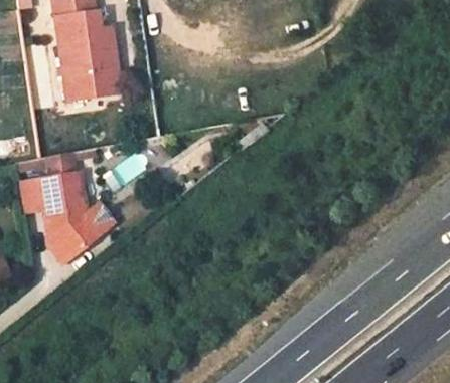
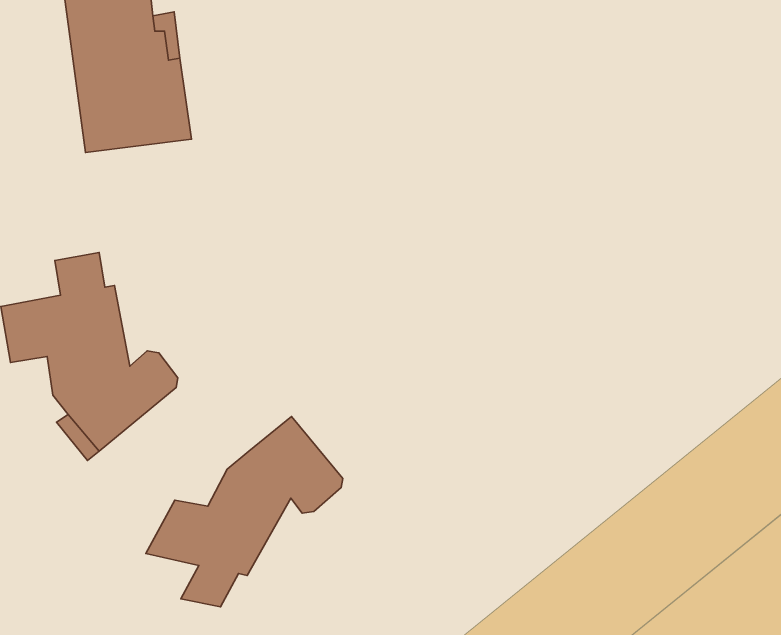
building: none -> [146,416,343,607]

